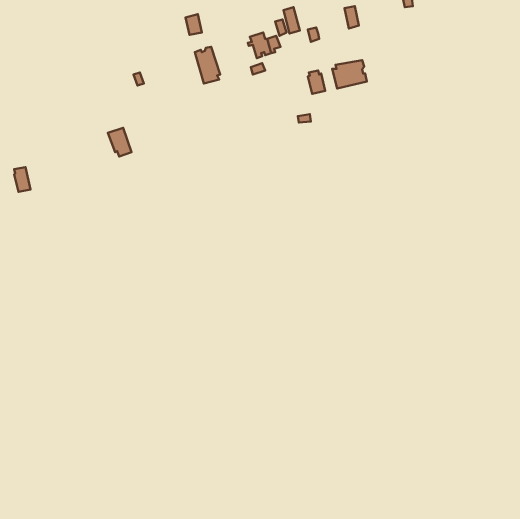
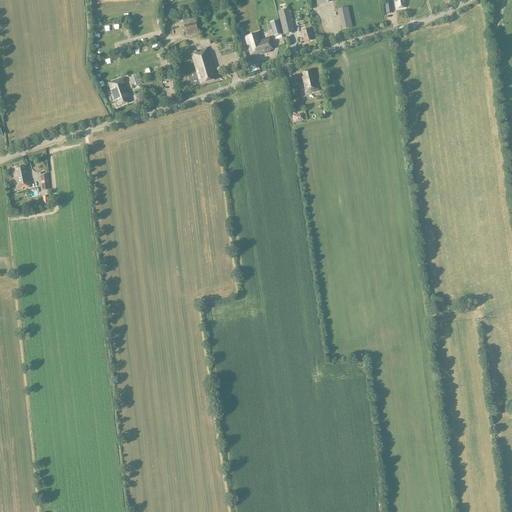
building: [332,60,367,88] -> none
building: [108,128,131,156] -> [109,76,132,104]

